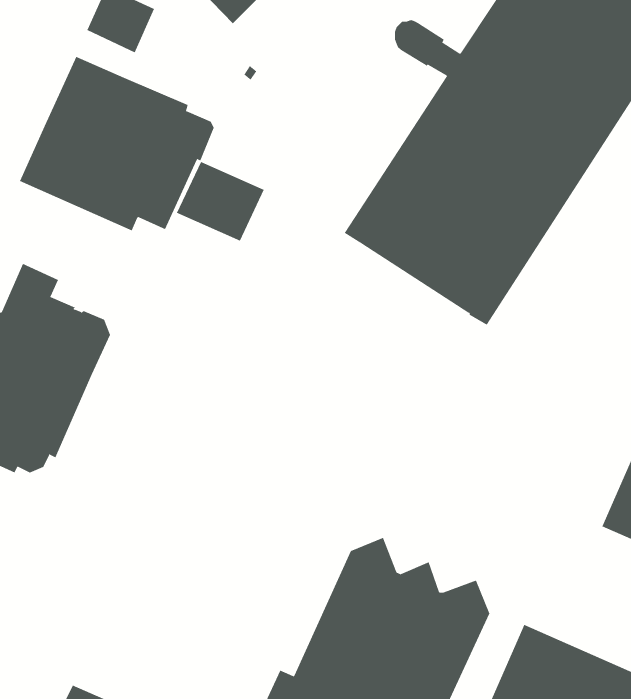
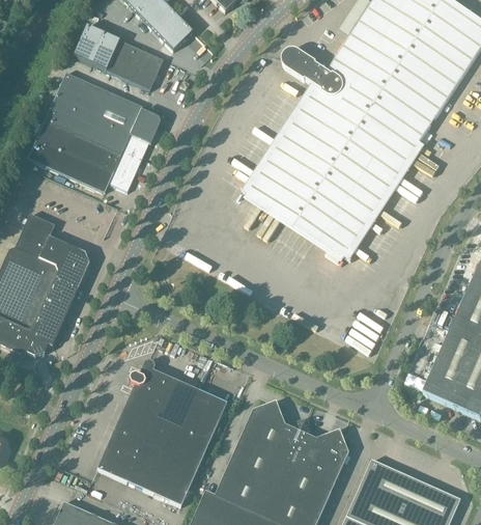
building: none -> [107,40,164,90]
building: [176,161,265,242] -> none
building: none -> [97,360,227,505]

